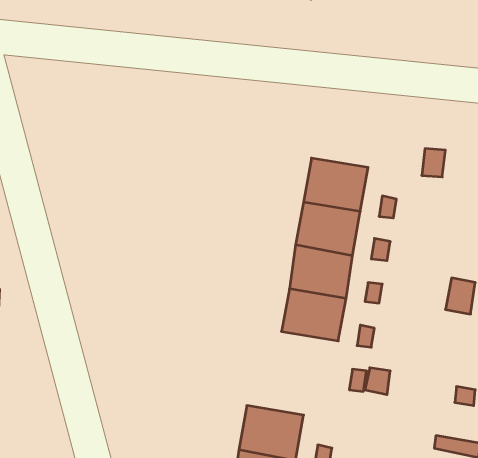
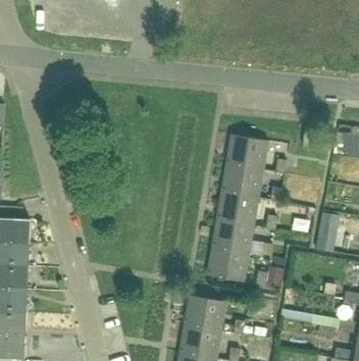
building: none -> [207,247,249,281]

